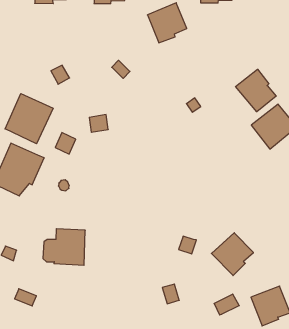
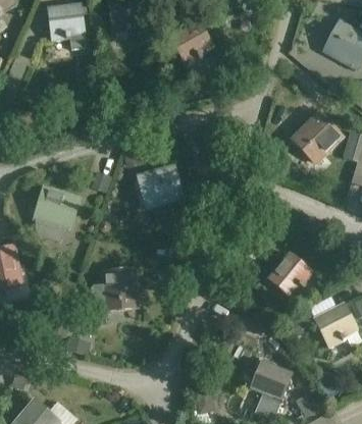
building: [236,69,276,112] -> none
building: [5,94,53,144] -> none
building: none -> [138,166,182,206]

